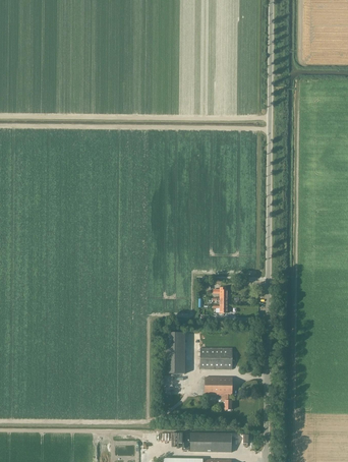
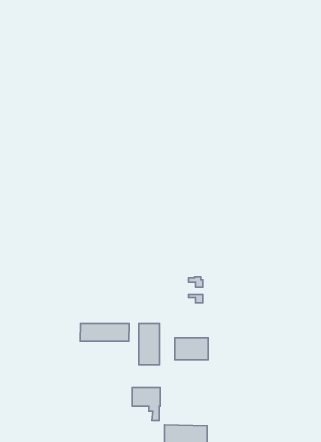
building: none -> [80,323,129,341]
building: [206,377,233,409] -> [132,387,160,421]

